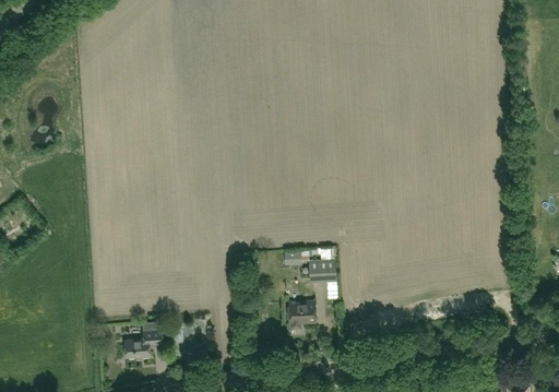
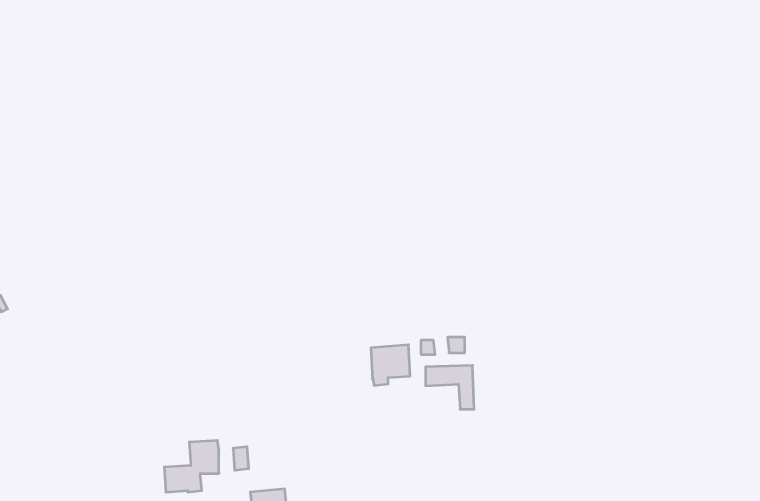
building: [287,301,314,330] -> [371,345,410,385]

